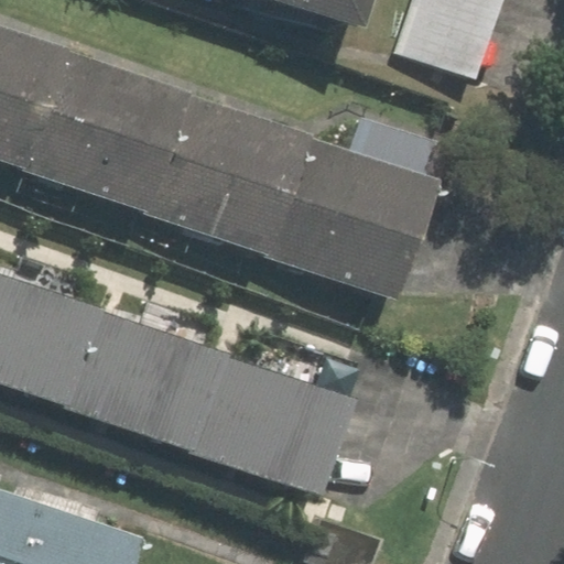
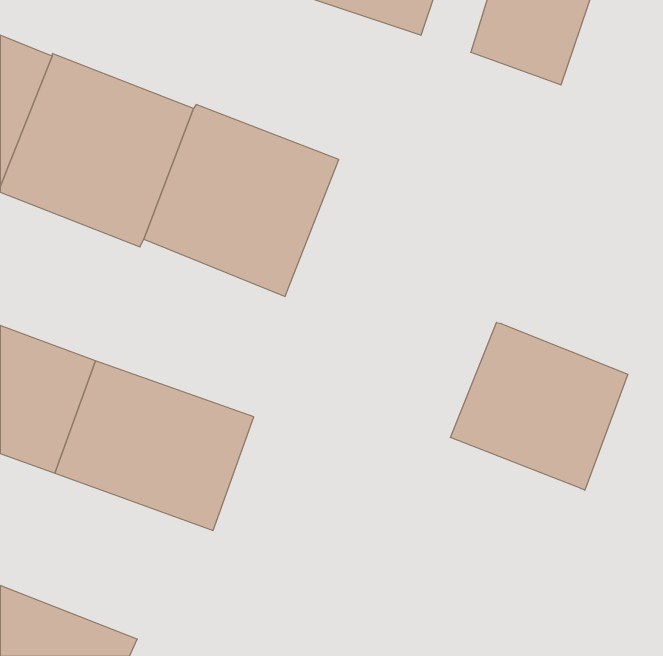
building: [246,110,421,292] -> none
building: none -> [450,322,628,490]
building: [184,351,352,496] -> none

